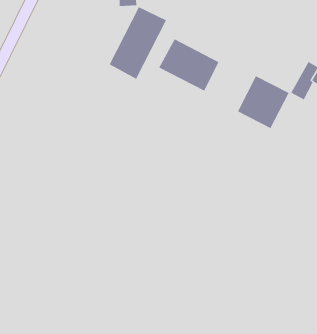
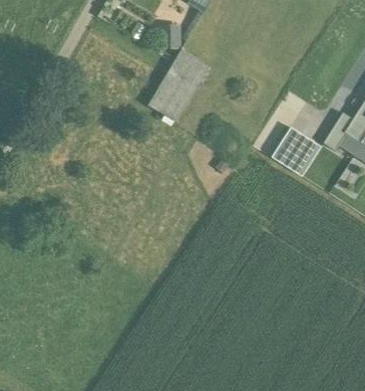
building: [159,38,219,92] -> none

